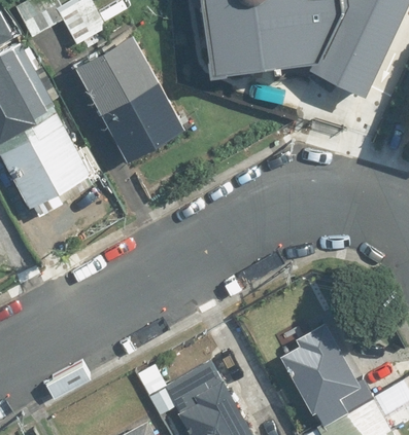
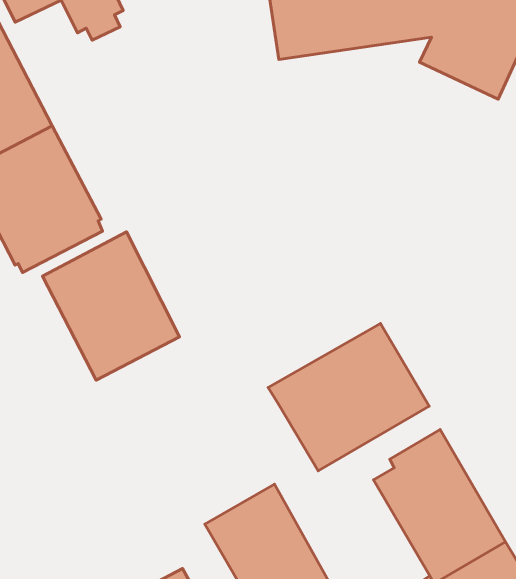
building: [73,35,183,161] -> none
building: none -> [42,232,180,380]
building: none -> [268,323,429,471]

